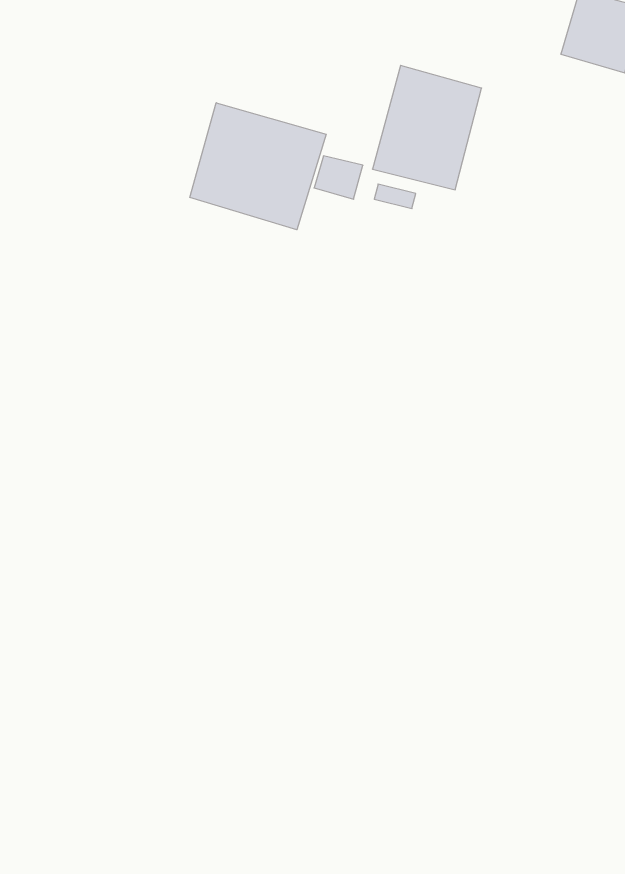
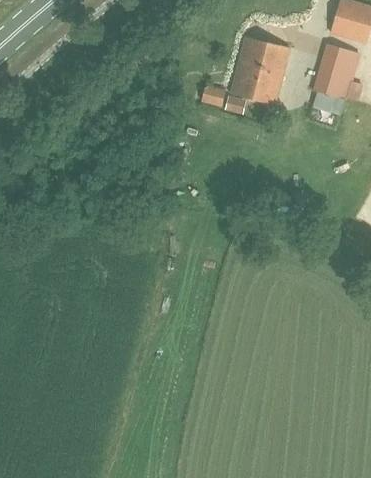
building: none -> [314,43,358,98]
building: [190,103,326,230] -> none

